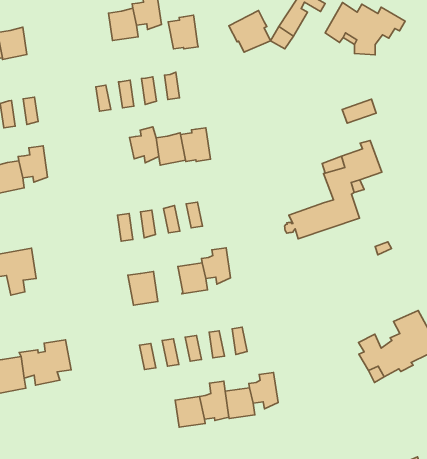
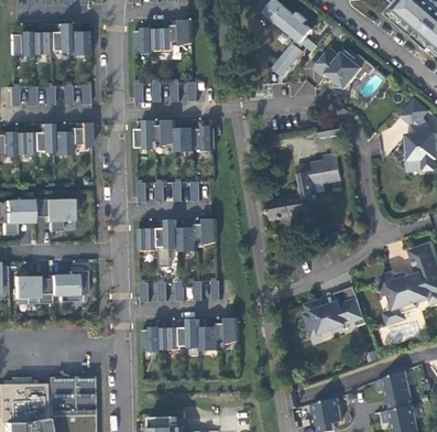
building: [229,11,271,52] -> none
building: [168,15,198,49] -> [133,29,153,53]
building: none -> [136,121,156,150]
building: none -> [159,220,178,249]
building: none -> [141,327,161,353]

